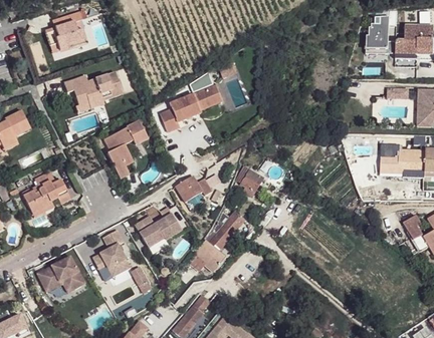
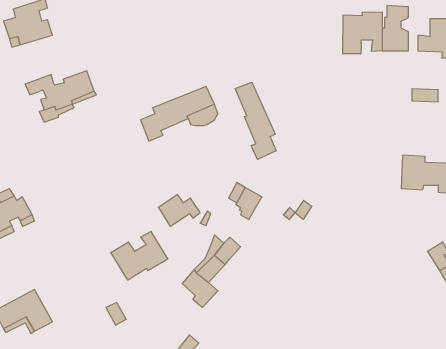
building: none -> [343,12,382,54]
building: none -> [235,82,276,159]
building: [103,120,147,178] -> none
building: [92,230,131,277] -> none

